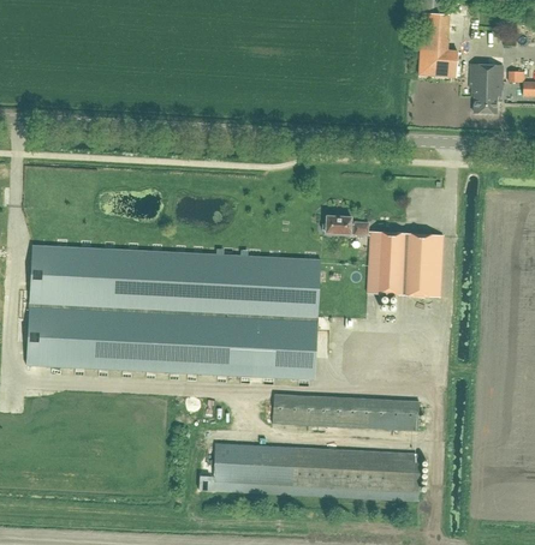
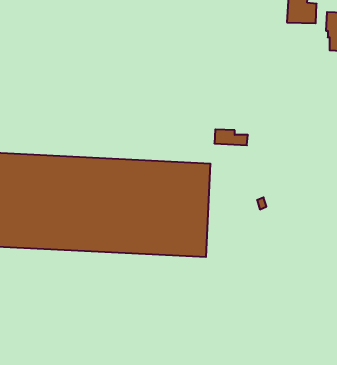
building: [365,230,442,297] -> none
building: [272,394,418,430] -> none
building: [213,443,420,491] -> none

